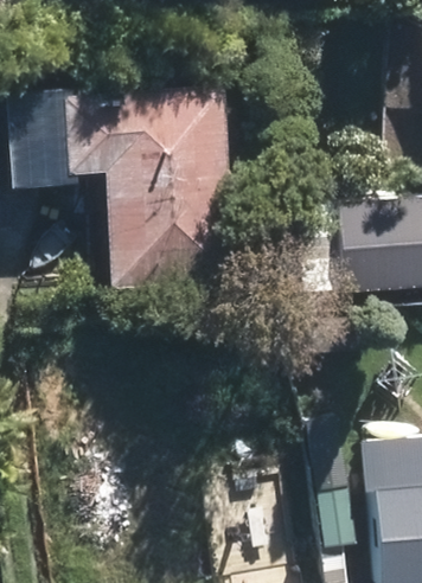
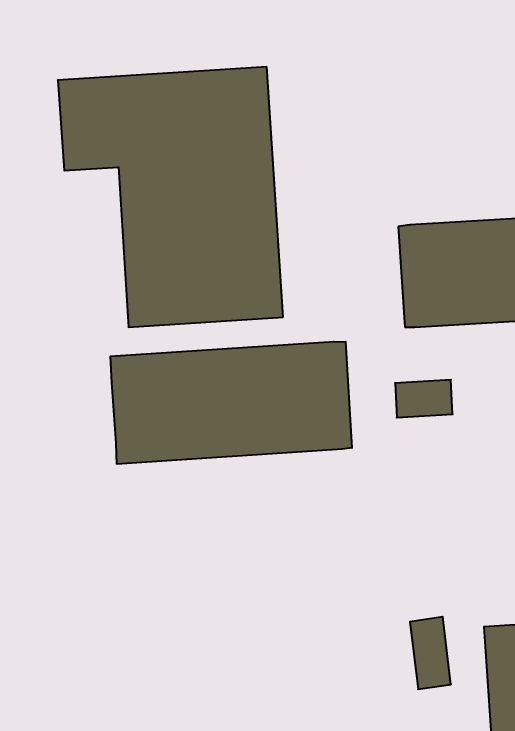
building: none -> [110,342,352,464]

